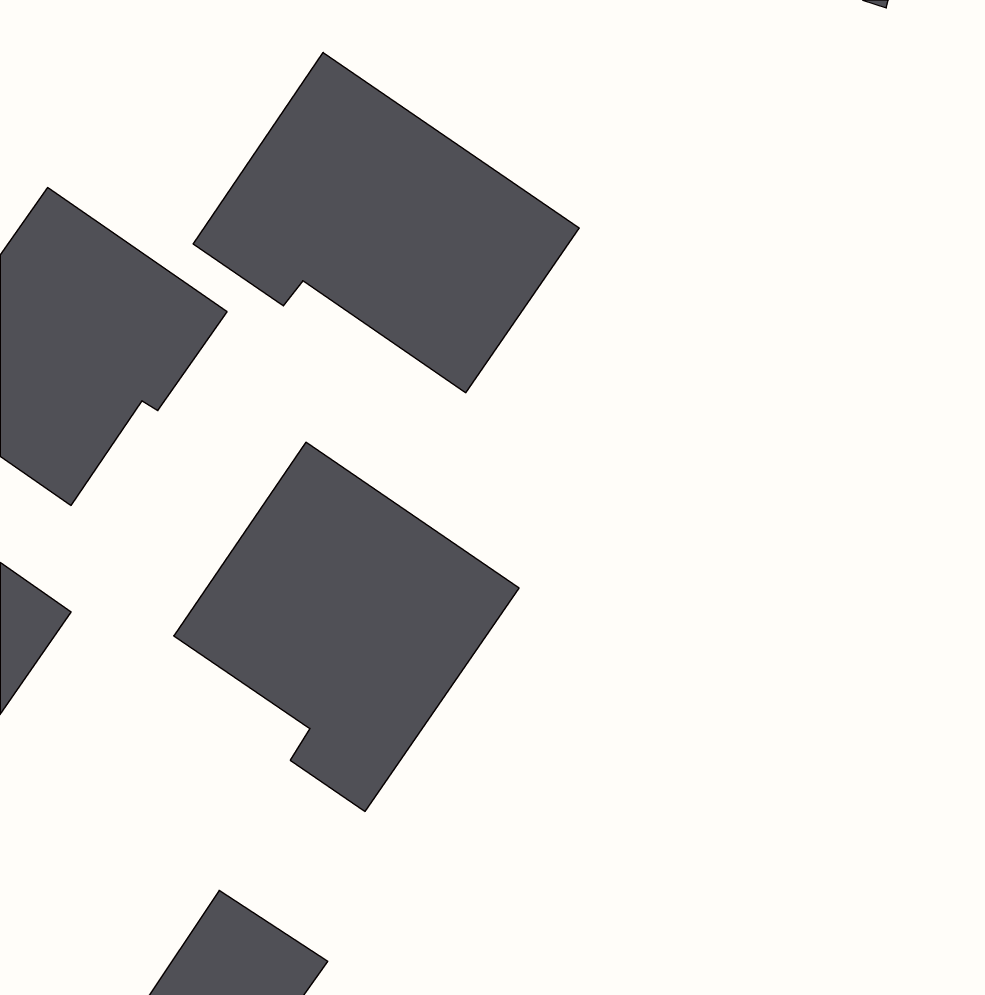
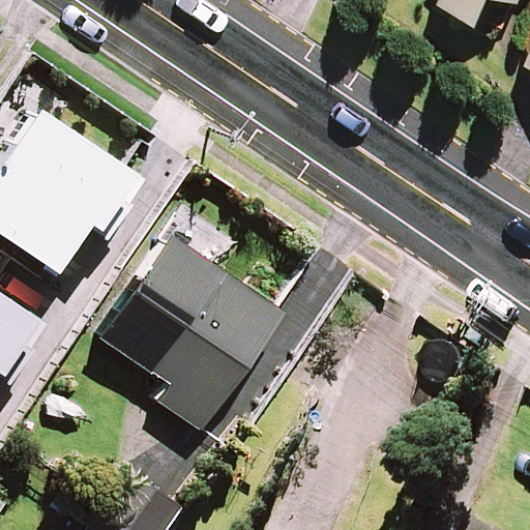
building: [193,52,579,393] -> none

